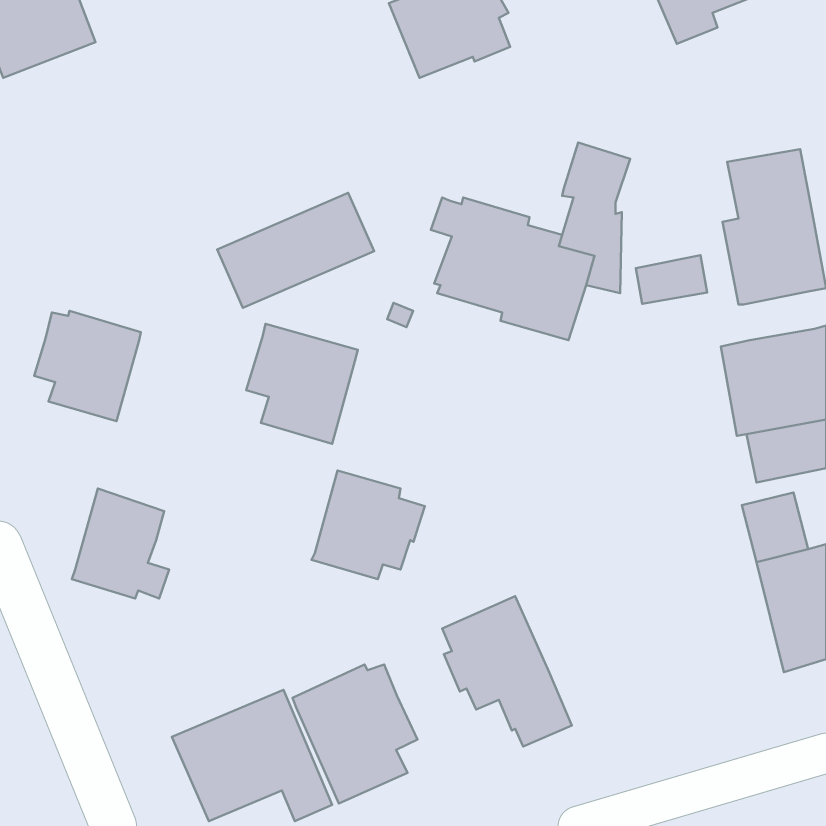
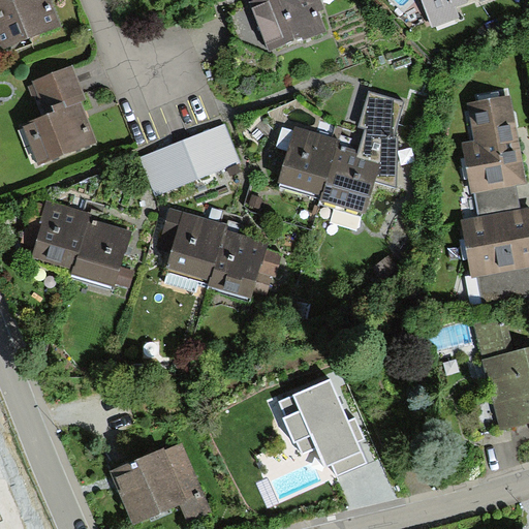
building: none -> [23,65,94,162]
building: [636,255,707,304] -> [474,186,520,217]
building: [311,471,425,579] -> [210,230,282,300]
building: [72,488,169,599] -> [72,217,134,287]
building: [293,664,417,804] -> none

